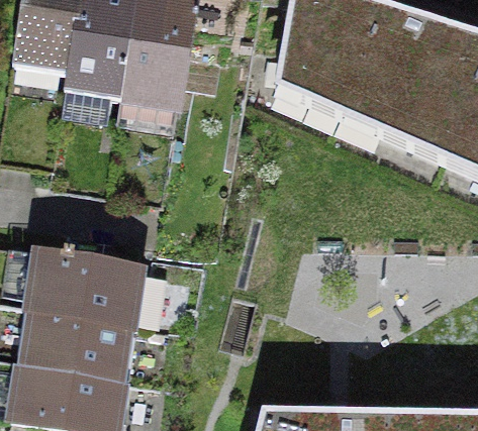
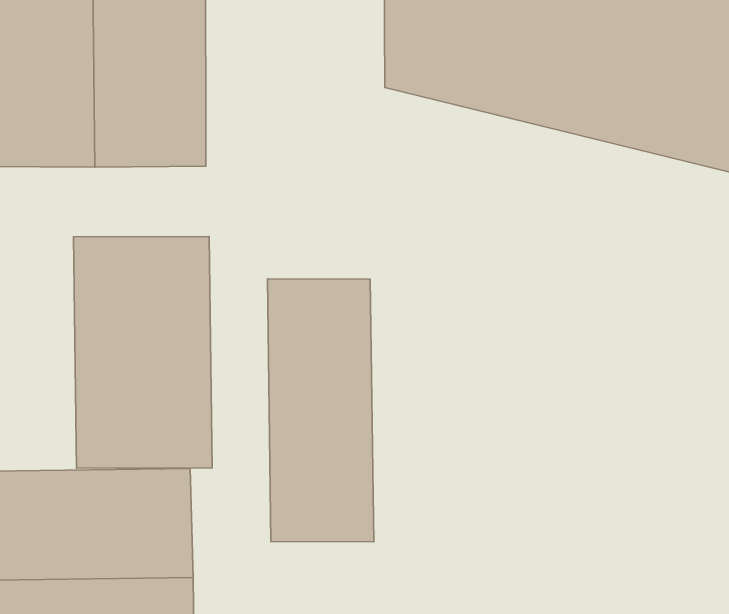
building: none -> [74,236,212,468]
building: none -> [267,279,374,542]

